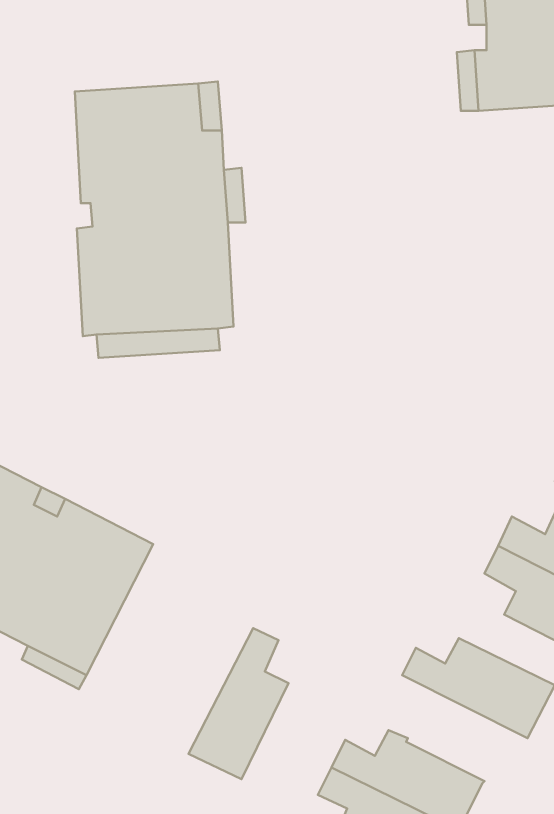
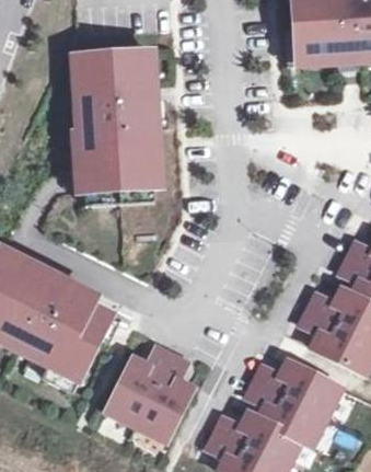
building: none -> [104,344,171,423]
building: none -> [246,379,324,444]

